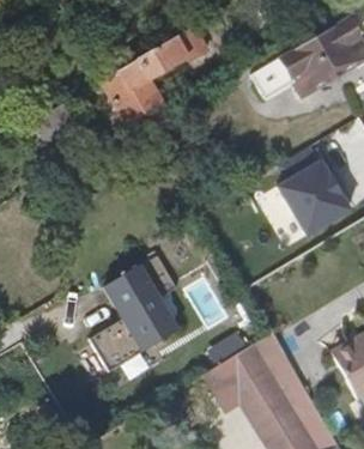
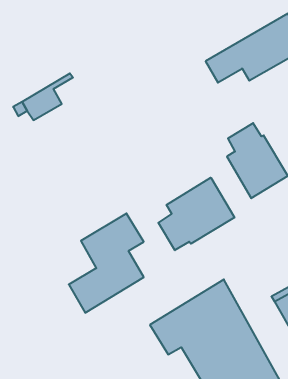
building: [105,24,212,125] -> none
building: none -> [158,178,234,250]

